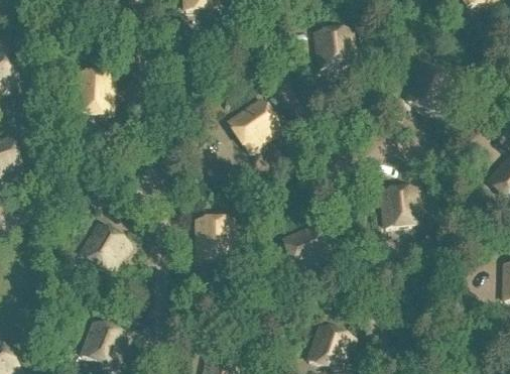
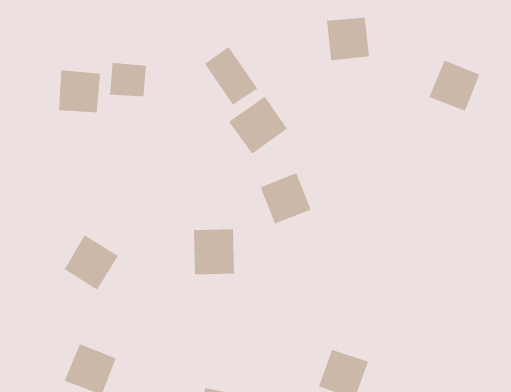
building: none -> [204,46,258,105]
building: none -> [109,62,147,97]
building: [379,186,418,226] -> none
building: [280,225,327,271] -> [260,173,312,224]

